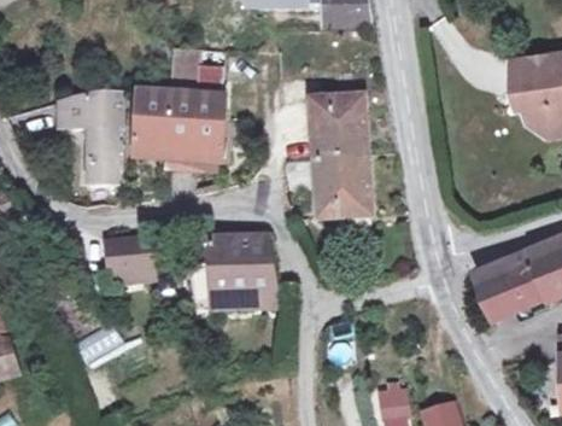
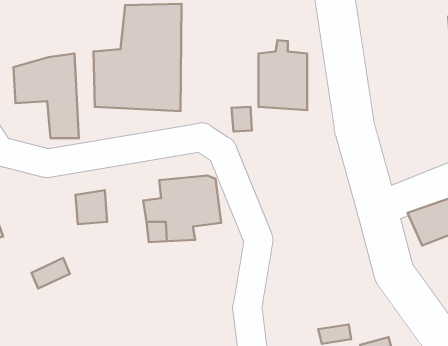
building: [312,158,367,234] -> none

